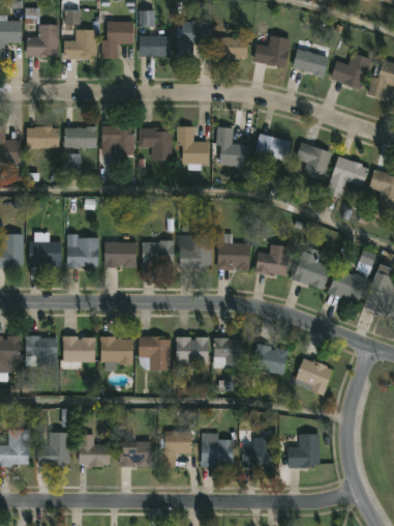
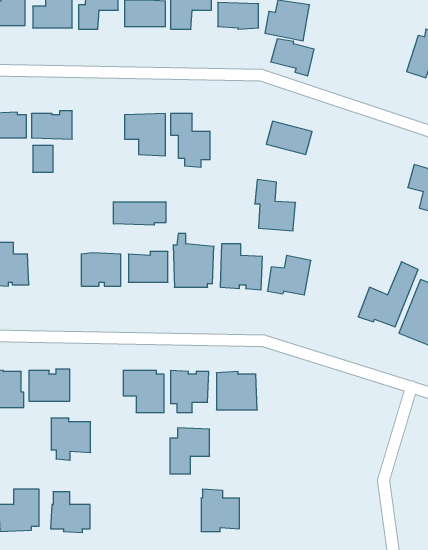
building: [292,49,327,79] -> [271,39,314,76]
building: [330,53,372,90] -> none
building: [100,125,133,154] -> none
building: [216,126,249,168] -> [255,180,296,231]
building: [295,142,332,180] -> none
building: [326,154,369,197] -> none
building: none -> [114,202,166,225]
building: [66,236,97,265] -> none
building: [291,246,330,288] -> none
building: [100,335,132,370] -> [51,418,91,460]
building: [251,343,289,375] -> none
building: [293,357,332,394] -> none
building: [159,430,191,467] -> [170,428,210,474]
building: [119,434,150,467] -> none
building: [287,434,319,469] -> none
building: [241,437,272,467] -> none

